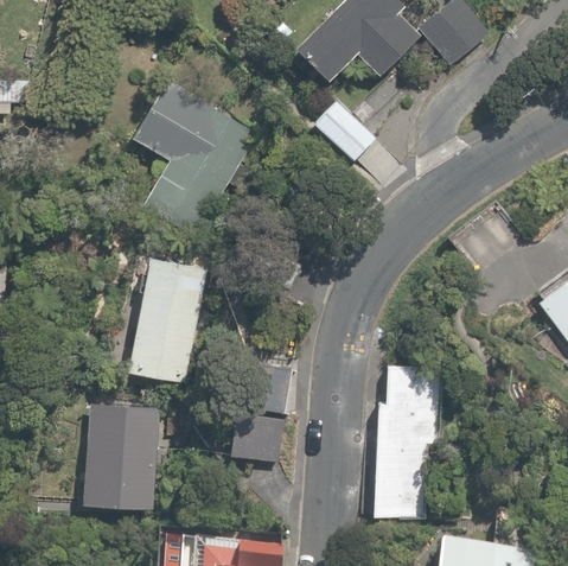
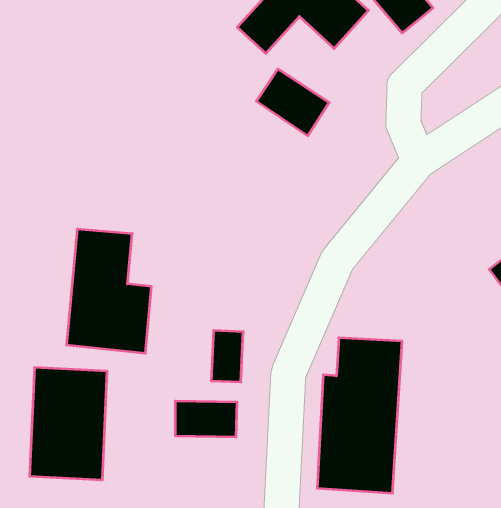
building: [133,81,257,240] -> none

